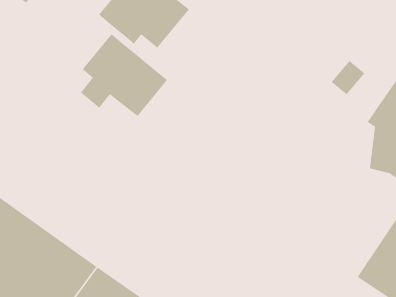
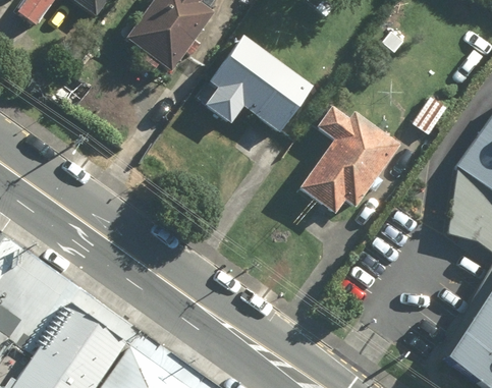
building: [80,33,168,117] -> [207,34,314,135]
building: none -> [298,107,401,216]

